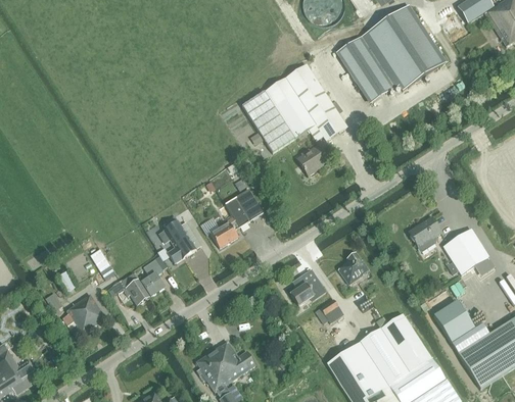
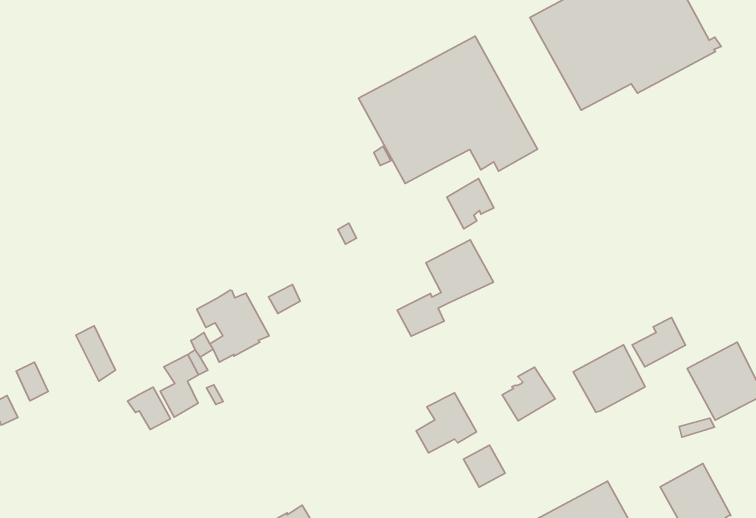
building: [209,189,264,247] -> [397,240,493,336]
building: none -> [573,345,645,412]
building: [61,294,105,338] -> none

